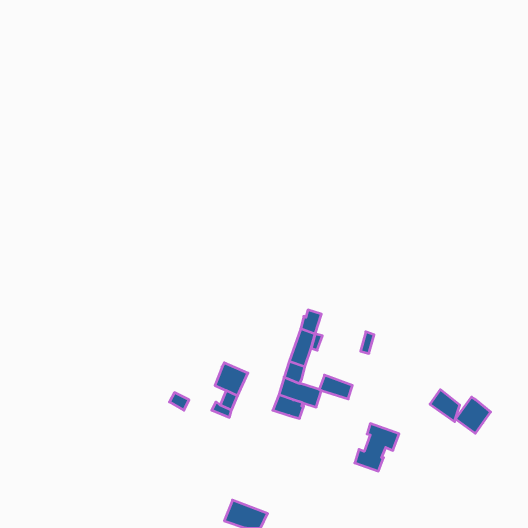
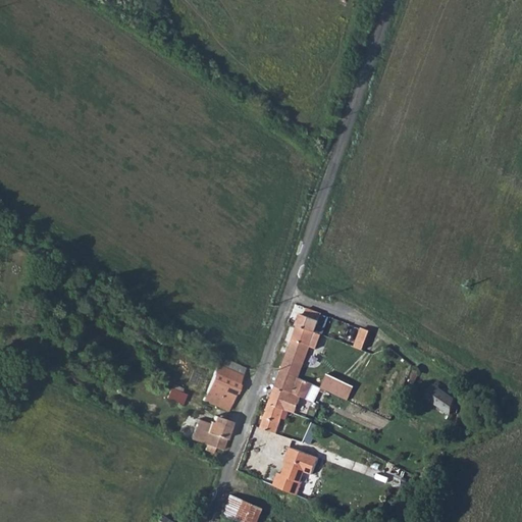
building: [455,397,491,433] -> none
building: none -> [261,405,285,434]
building: none -> [189,415,231,452]
building: [355,424,399,471] -> [274,449,318,495]

